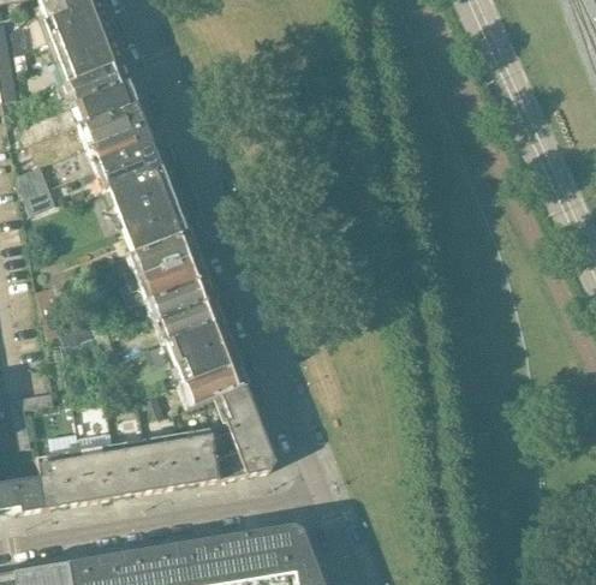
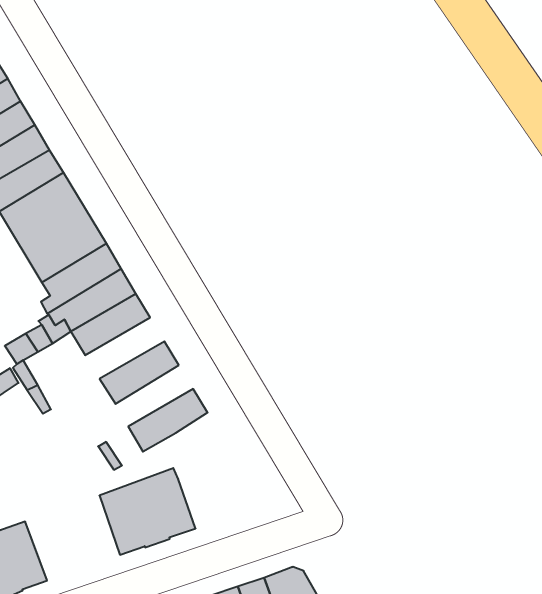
building: [155,297,222,340] -> none
building: [173,340,239,383] -> none
building: [214,383,278,477] -> none
building: [82,436,155,499] -> none

